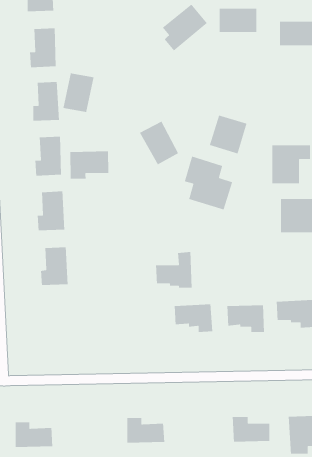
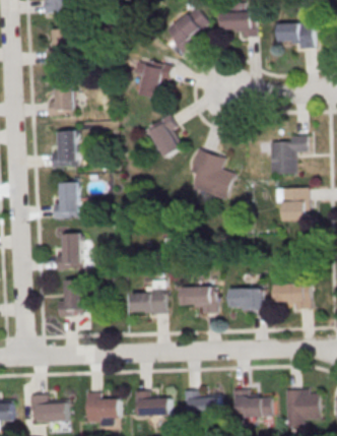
building: [63,72,94,113] -> [140,61,170,99]
building: [209,115,247,154] -> none
building: [70,150,109,180] -> none
building: [155,251,192,289] -> [131,281,165,315]
building: none -> [59,278,84,316]
building: none -> [184,390,220,415]
building: none -> [87,392,123,418]

